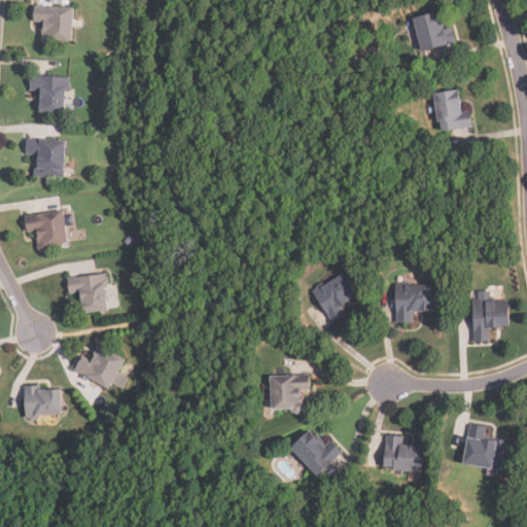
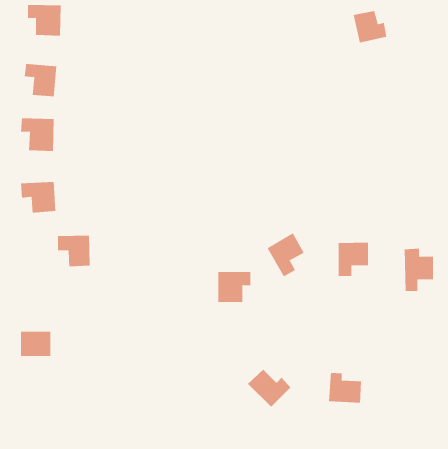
building: [432,90,471,131] -> none
building: [73,344,127,387] -> none
building: [271,375,310,411] -> [218,272,251,302]
building: [463,424,503,470] -> none

